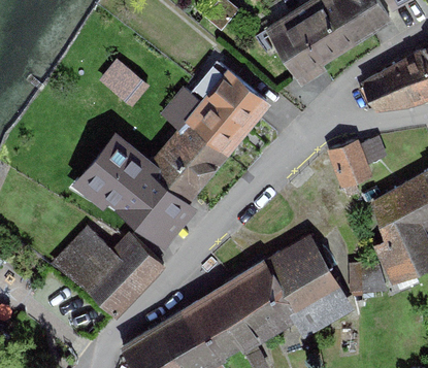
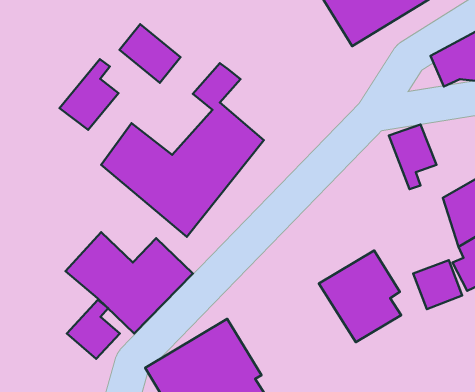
building: [187,65,267,155] -> none
building: none -> [60,59,119,130]
building: [193,263,292,353] -> none
building: none -> [67,300,120,359]

